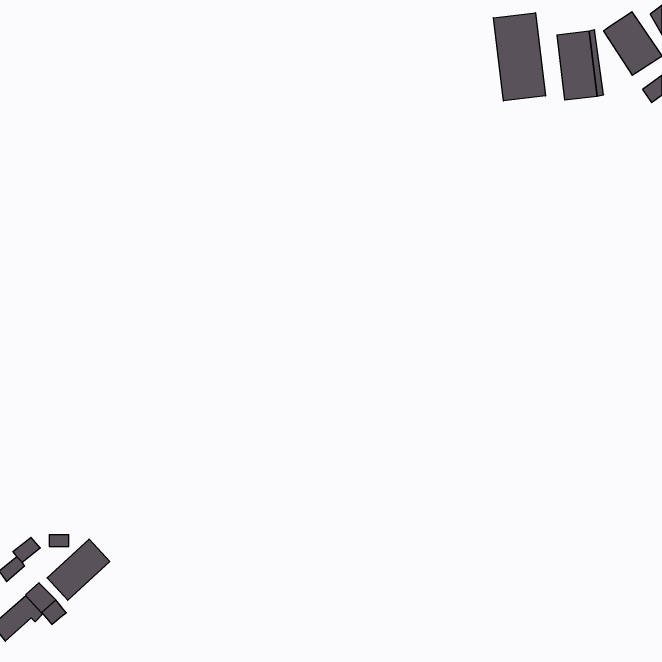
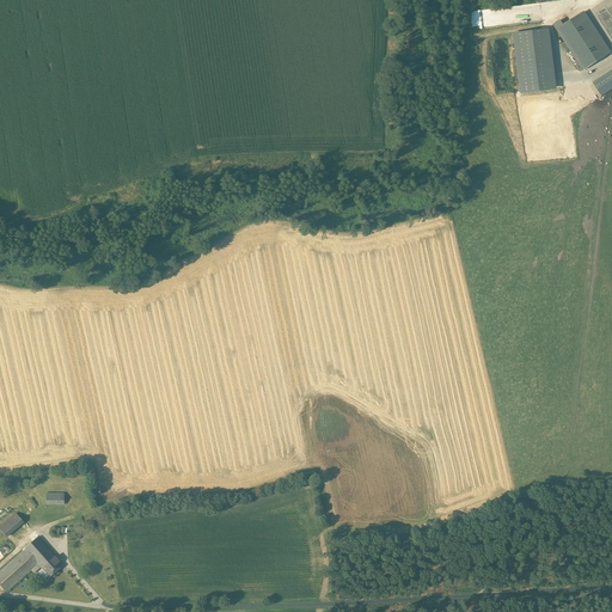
building: [493,13,545,101] -> none
building: [47,539,110,600] -> none

